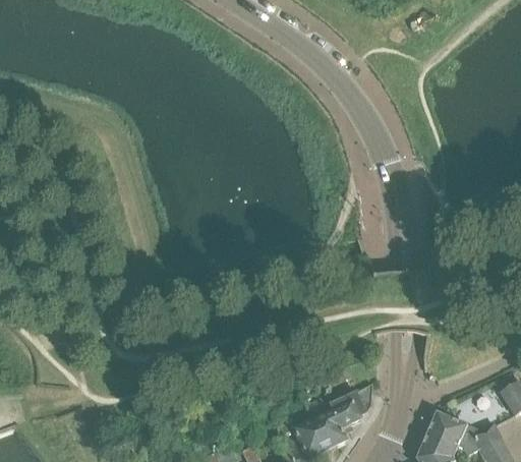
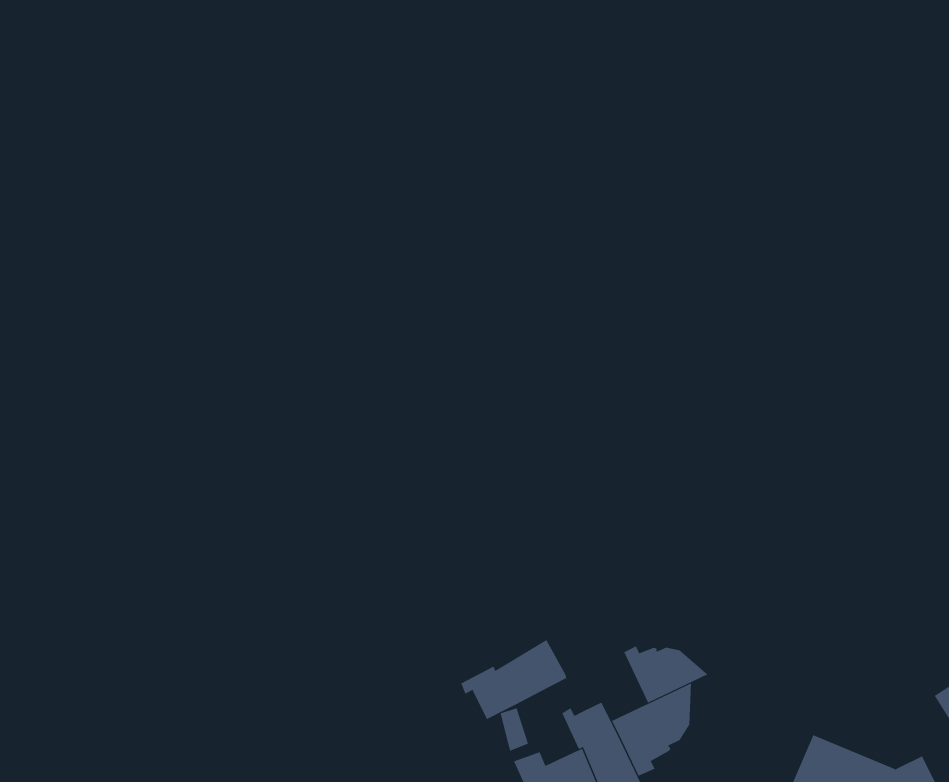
building: none -> [460,639,568,720]
building: none -> [623,645,709,704]

